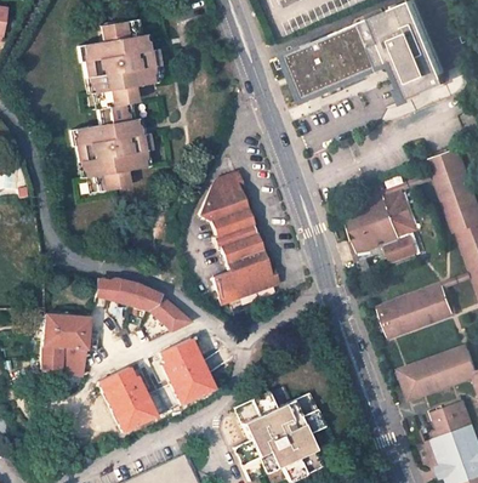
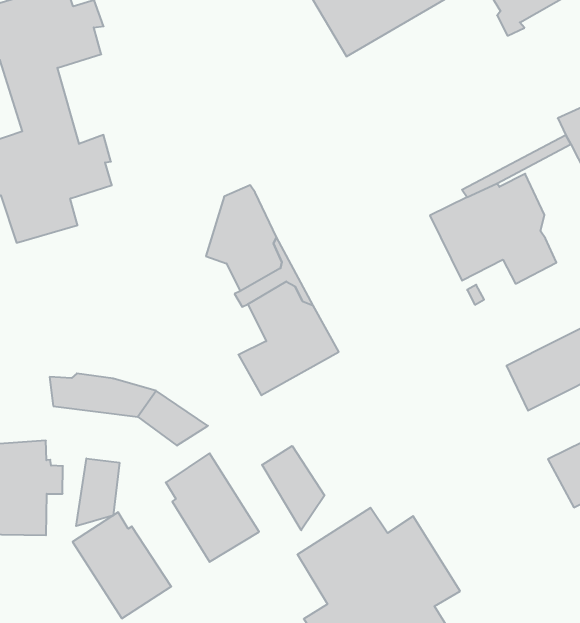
building: none -> [76,458,119,526]
building: none -> [262,446,324,530]

